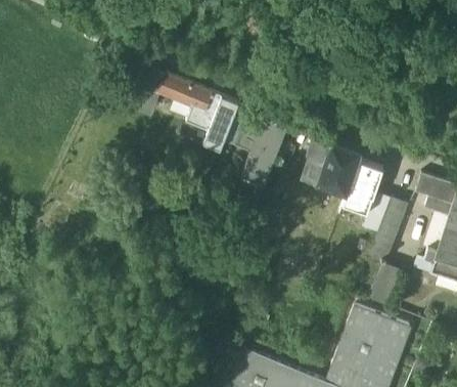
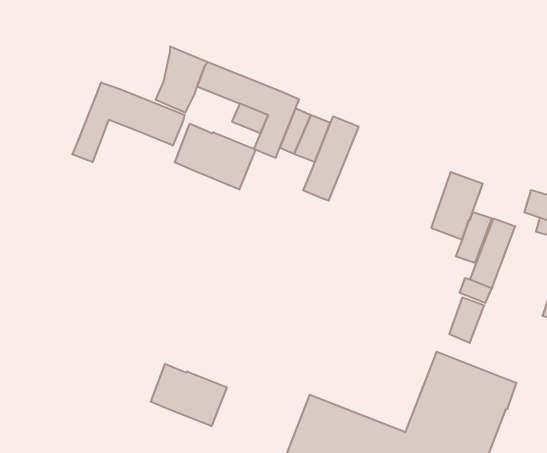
building: none -> [72,82,185,162]
building: none -> [175,124,256,189]
building: [303,137,362,194] -> none
building: none -> [151,364,227,426]

